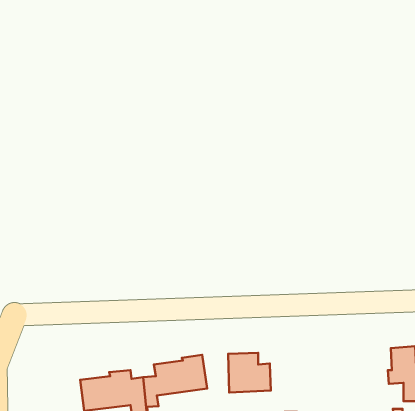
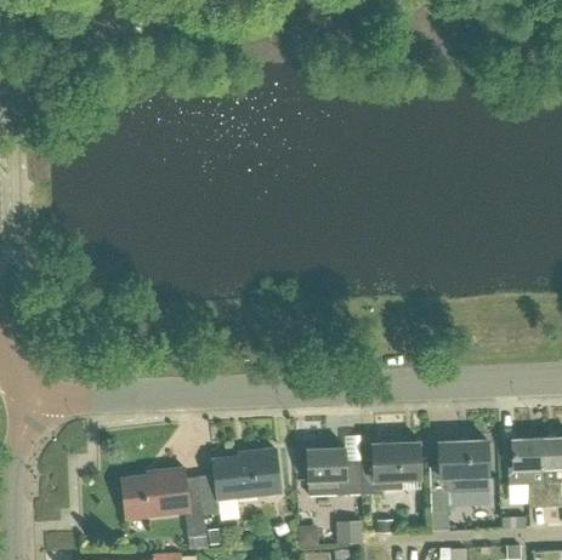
building: none -> [428,441,488,512]
building: none -> [359,444,420,495]

